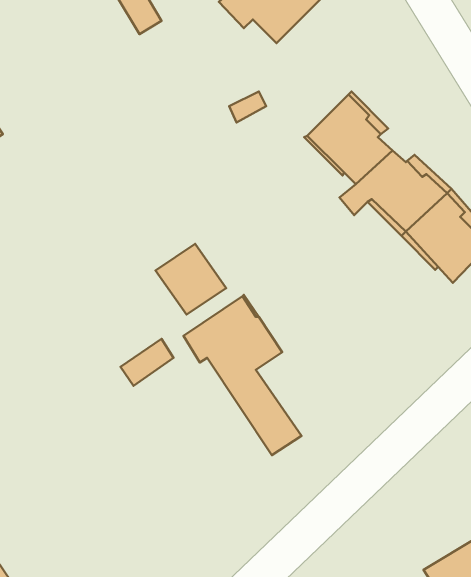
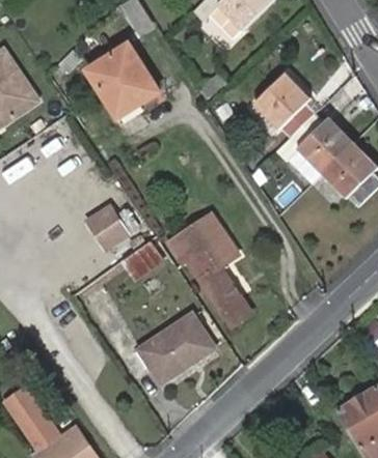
building: none -> [84,46,156,119]
building: [156,244,226,315] -> [82,201,132,251]
building: none -> [138,315,212,381]

